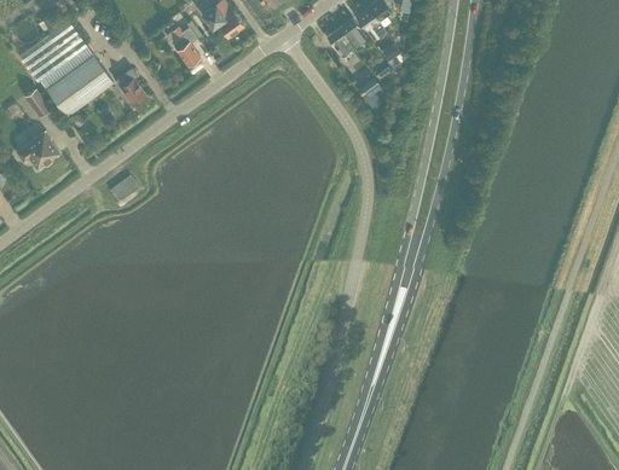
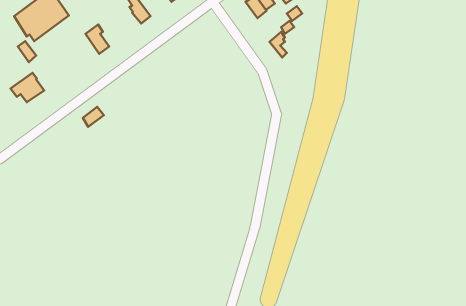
building: [47,56,114,117] -> none

